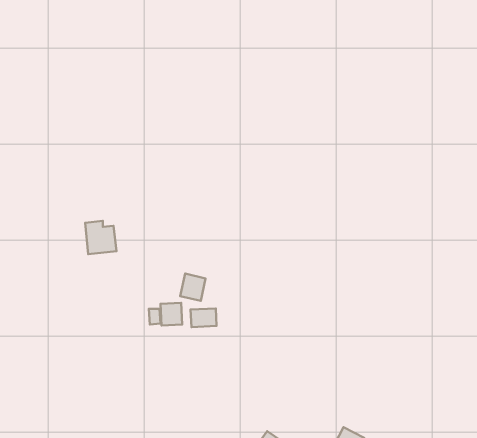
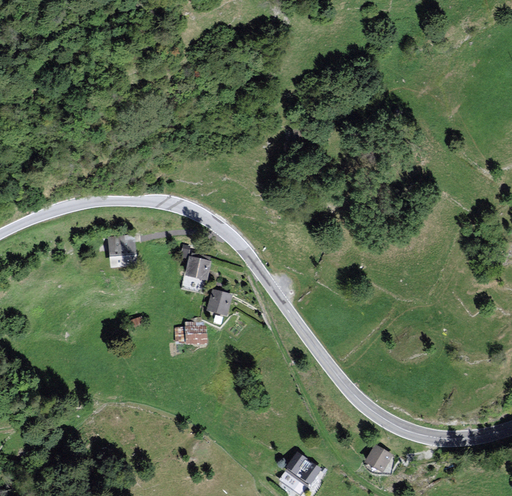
building: none -> [184,257,210,281]
building: [191,308,216,327] -> none

